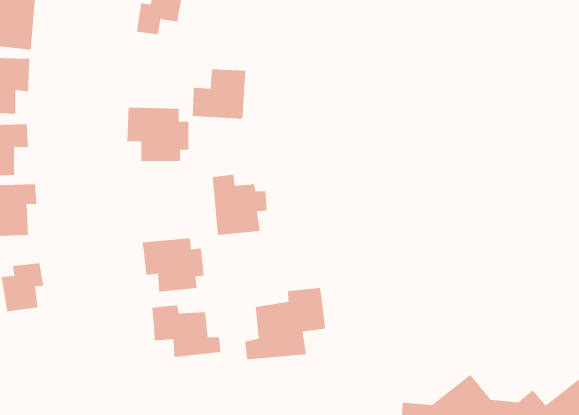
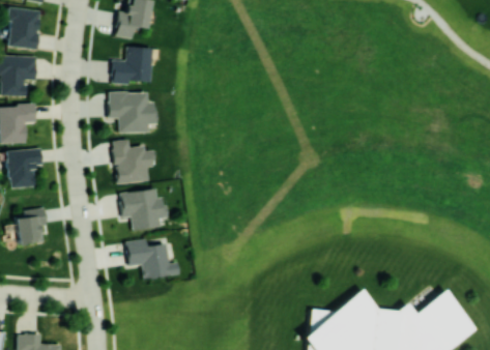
building: [192,69,246,119] -> [112,47,152,84]
building: [212,174,267,235] -> [112,139,153,184]
building: [245,287,326,360] -> none

